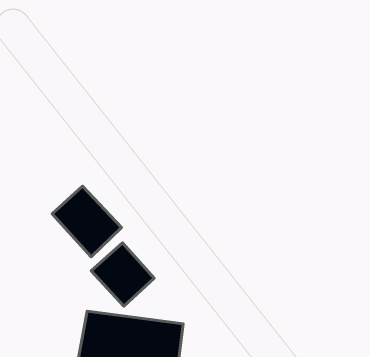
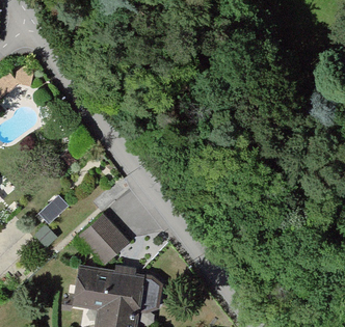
building: [52,186,121,257] -> none

